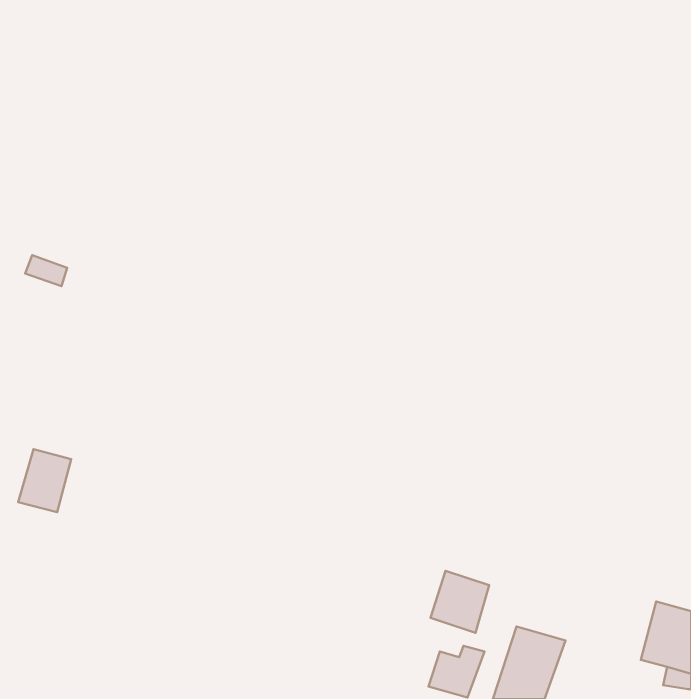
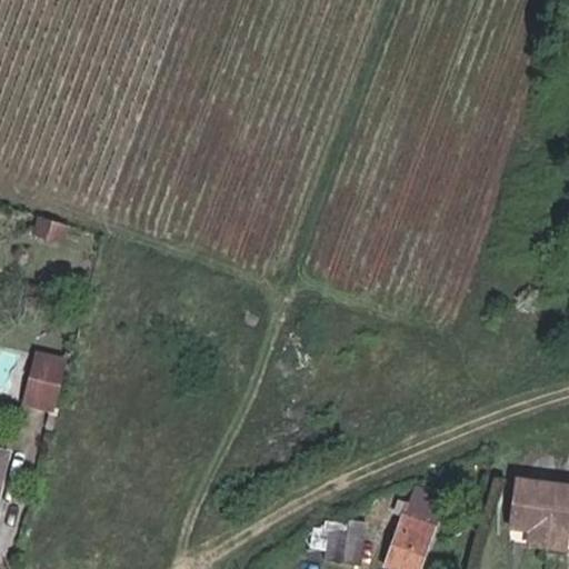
building: [430,571,489,633] -> none

